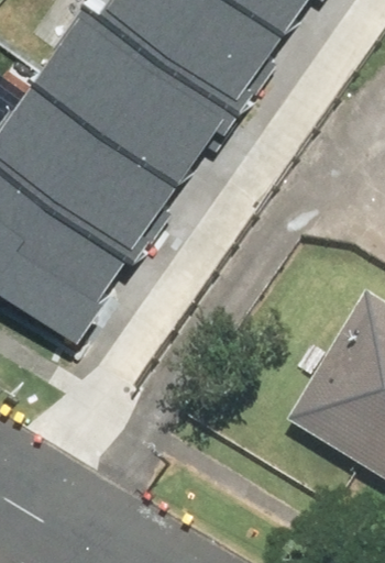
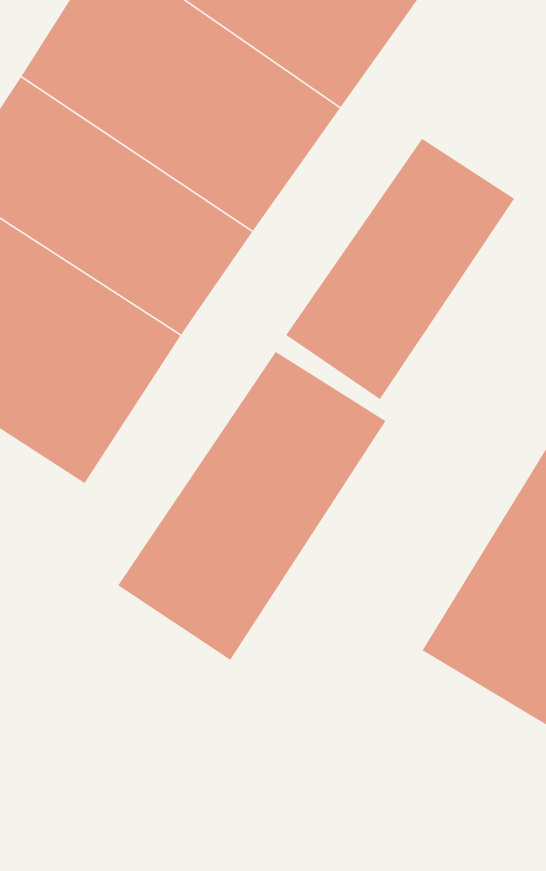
building: none -> [285,138,515,400]
building: none -> [117,351,387,661]

